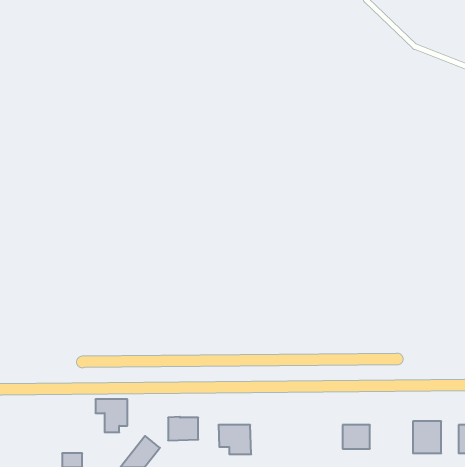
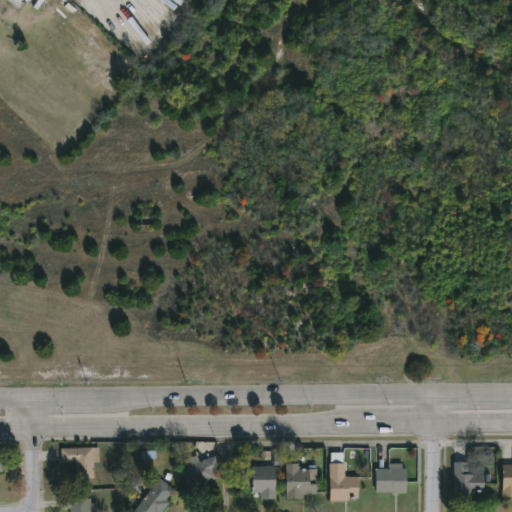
building: [95,399,127,432] -> [62,447,97,483]
building: none -> [331,461,360,499]
building: none -> [287,462,318,494]

